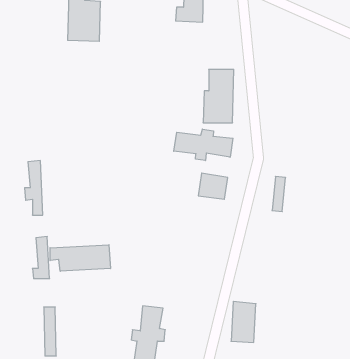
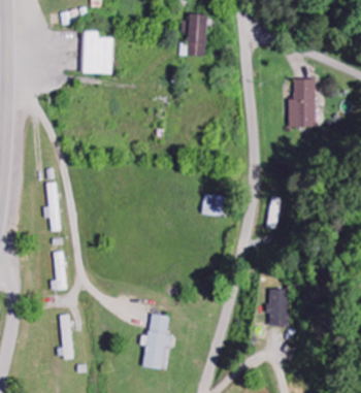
building: [203,69,234,123] -> [288,78,316,127]
building: [174,129,233,161] -> none
building: [50,245,110,271] -> none
building: [231,301,256,342] -> [267,288,290,325]

